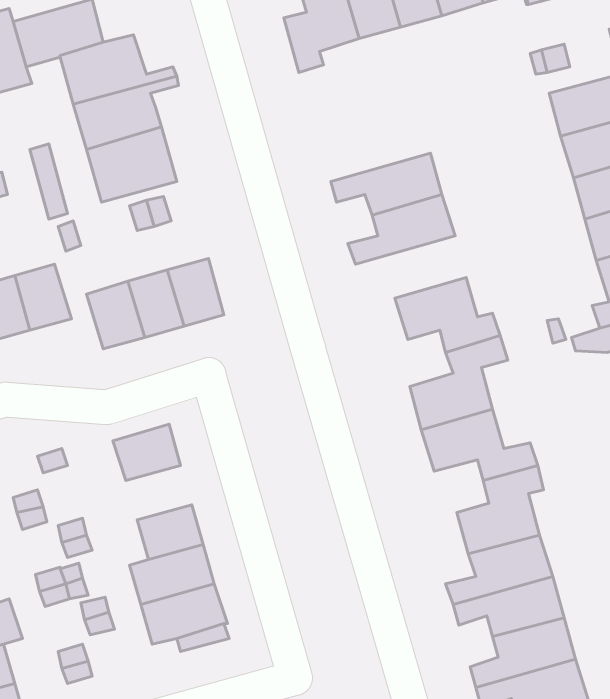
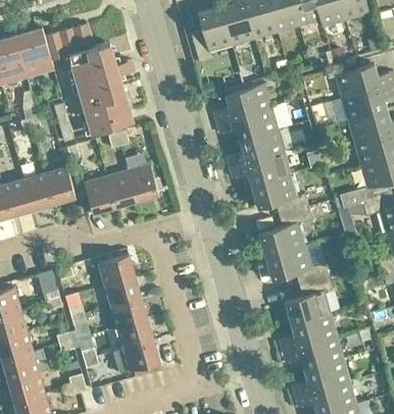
building: none -> [213,84,270,122]
building: none -> [230,152,290,186]
building: none -> [105,276,141,306]

